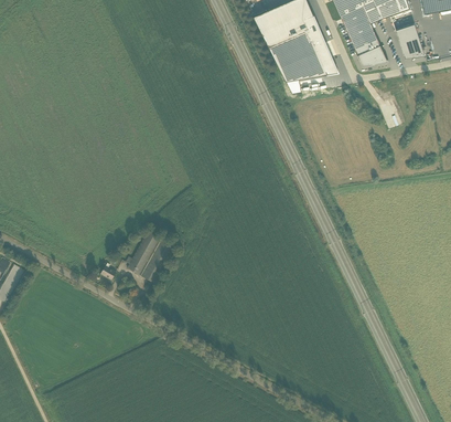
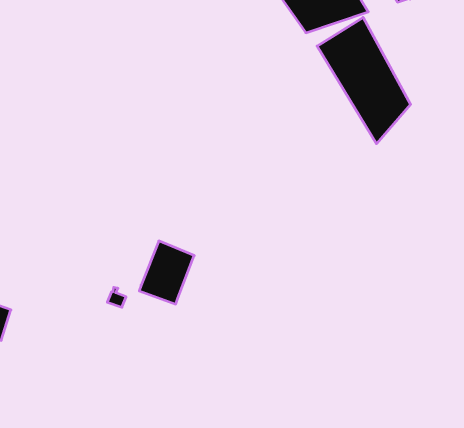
building: none -> [317,17,411,144]

